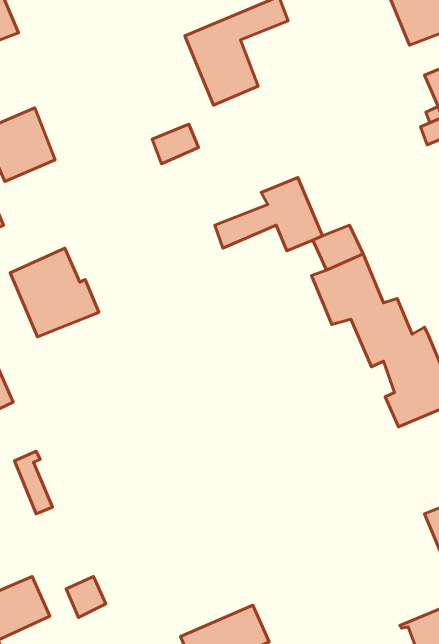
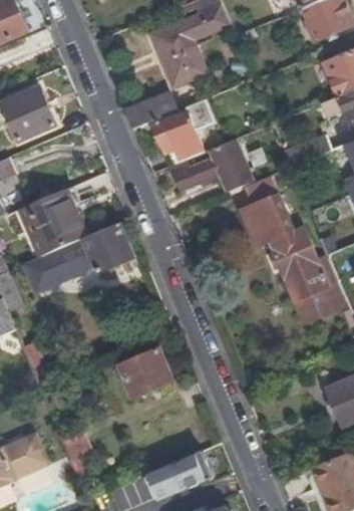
building: none -> [152,98,213,165]
building: none -> [24,224,132,291]
building: none -> [119,349,172,397]

